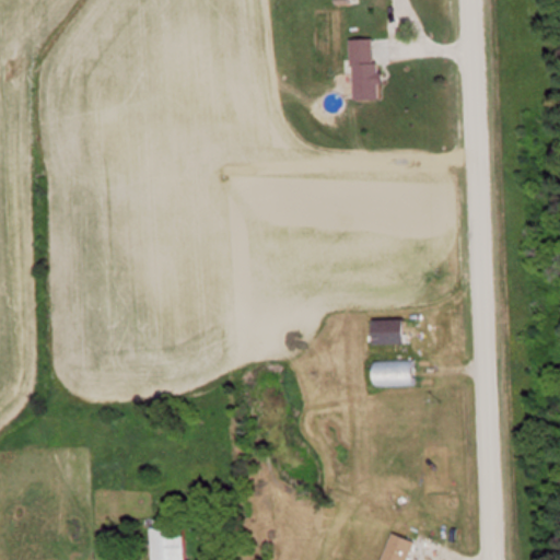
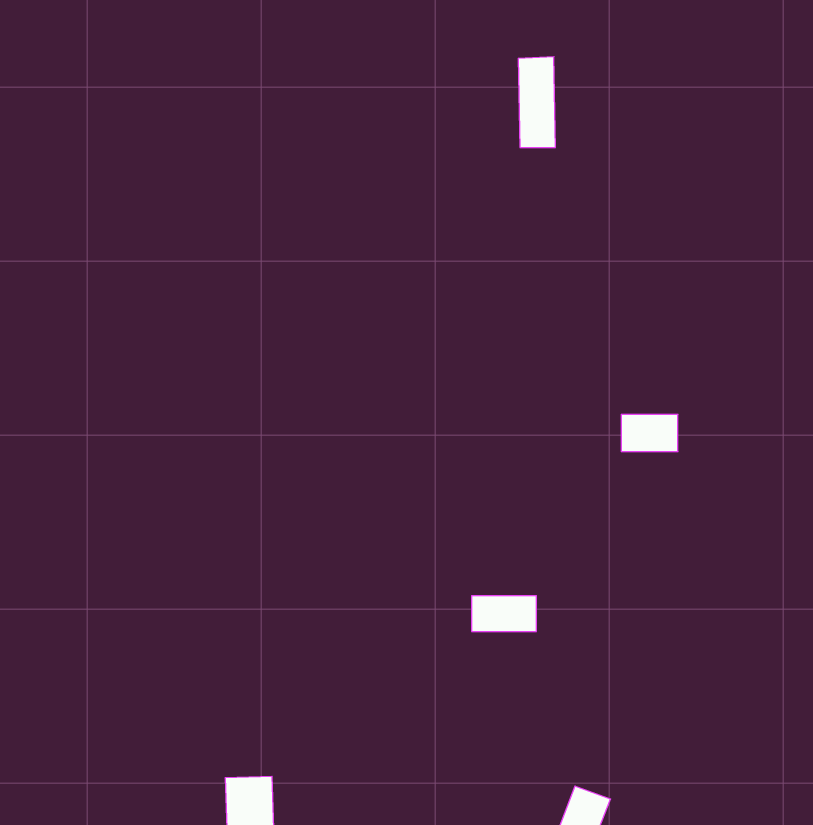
building: [368,320,406,346] -> [621,414,678,452]
building: [371,362,415,386] -> [472,596,536,631]

